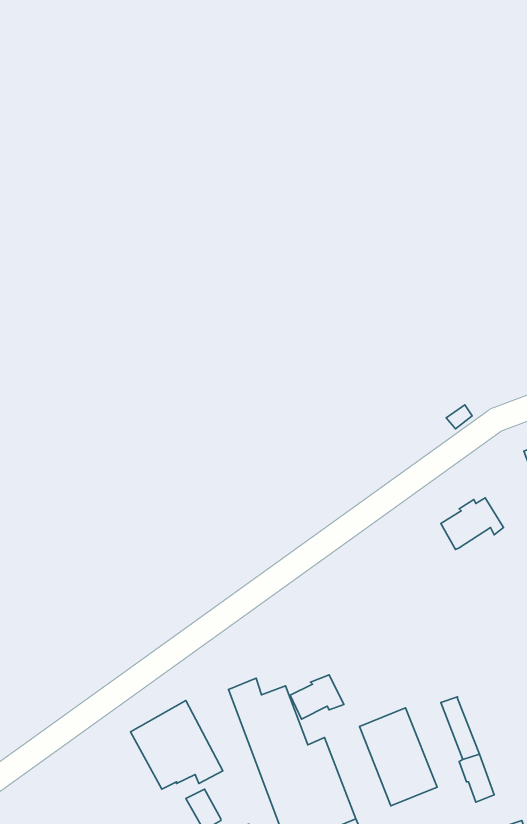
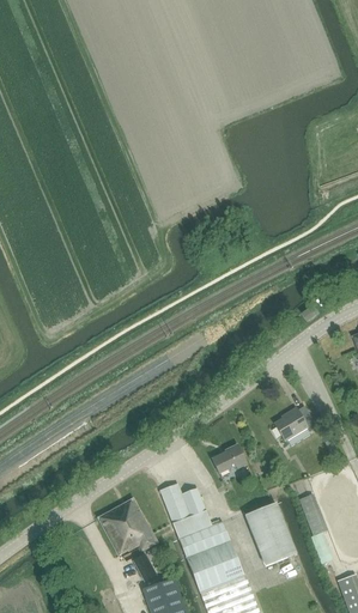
building: [441,498,503,550] -> [274,406,315,439]
building: [290,675,344,719] -> [212,444,247,473]

